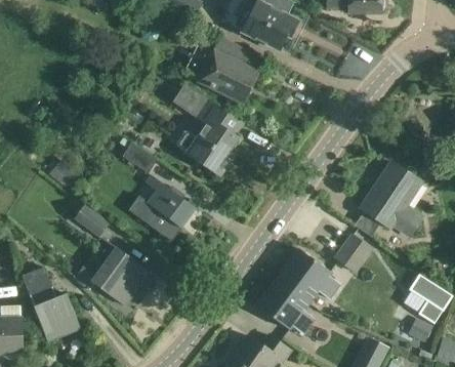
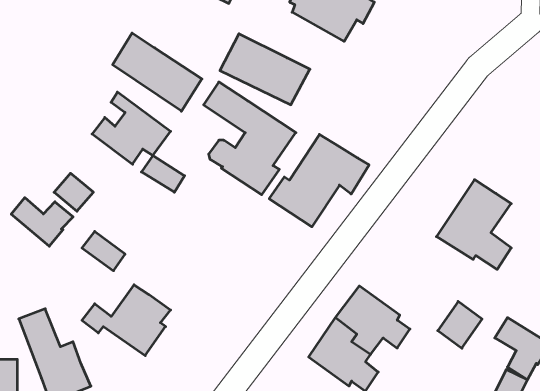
building: none -> [113,33,202,111]
building: none -> [269,134,369,227]
building: [129,174,193,233] -> [92,92,171,164]
building: none -> [11,198,73,246]
building: [335,234,371,272] -> [438,301,482,348]

